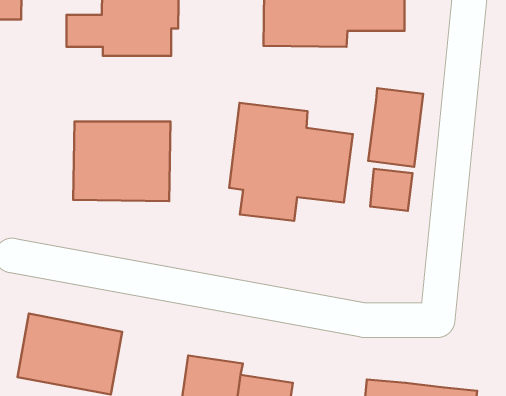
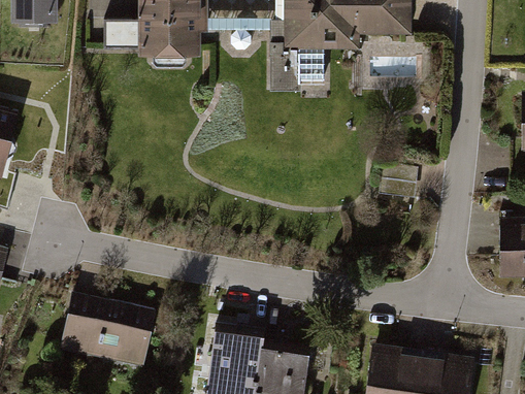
building: [368,88,423,167] -> none
building: [229,103,353,221] -> none
building: [73,122,171,201] -> none

